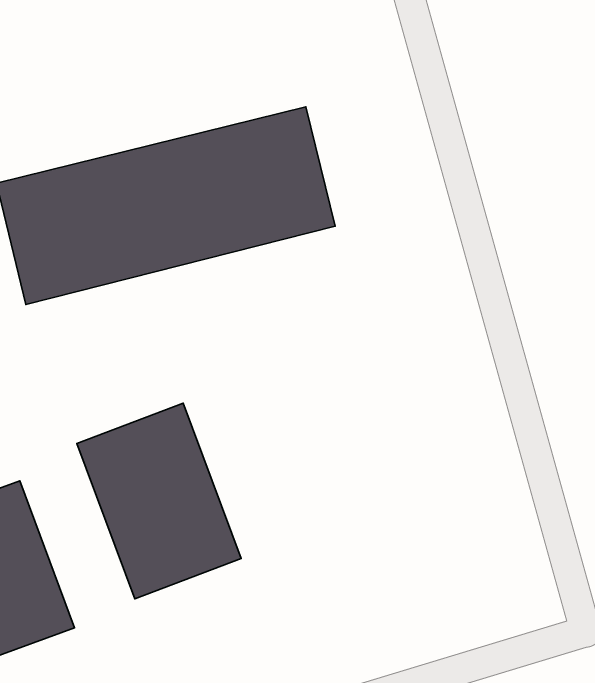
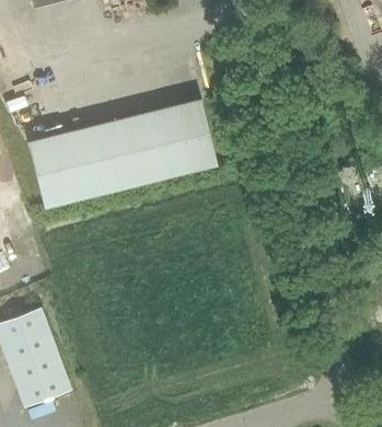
building: [77,403,241,599] -> none

